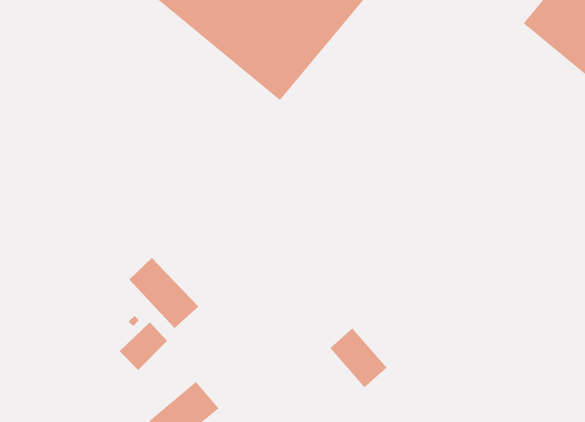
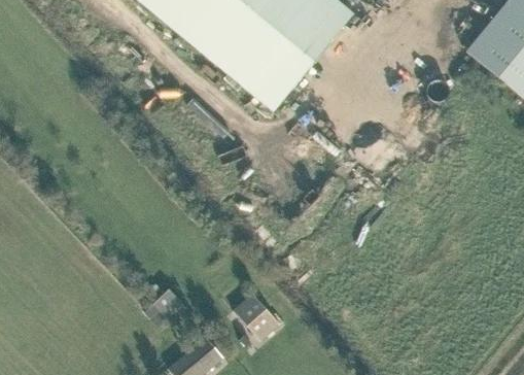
building: [129,257,199,329] -> none
building: [329,327,387,388] -> [234,293,280,341]

